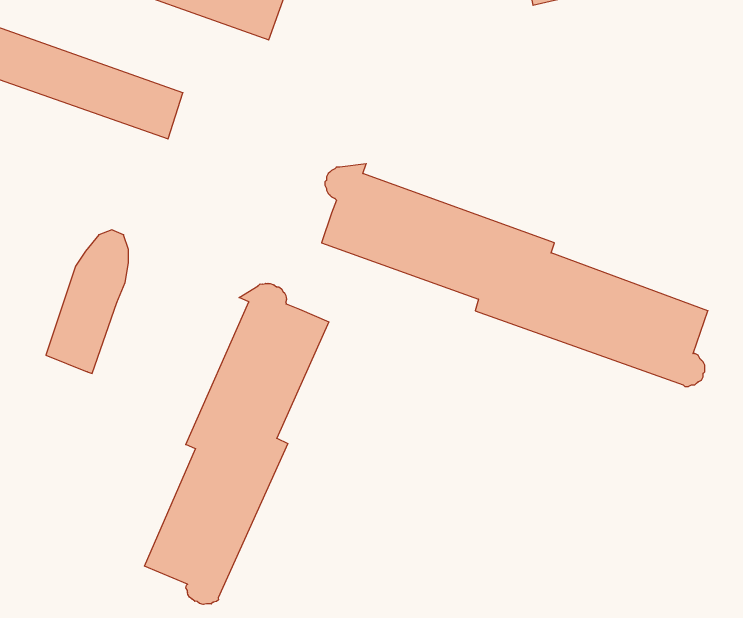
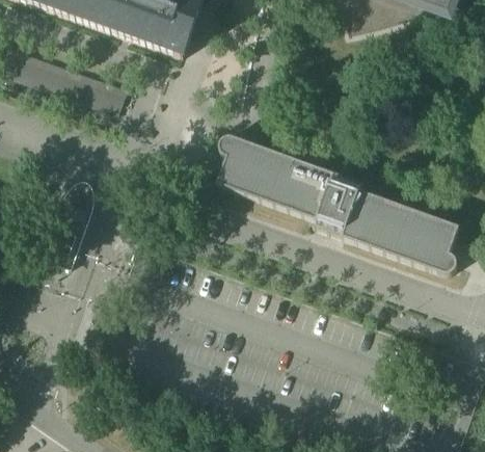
building: [145,283,329,604] -> none

